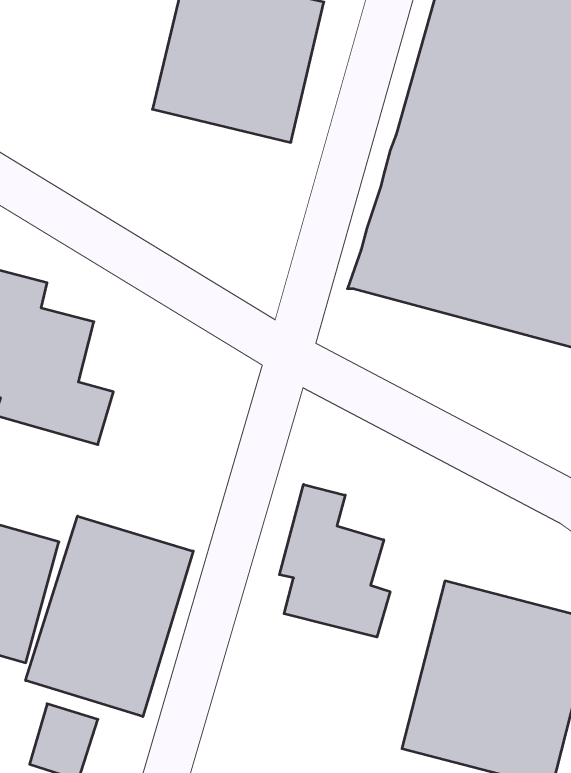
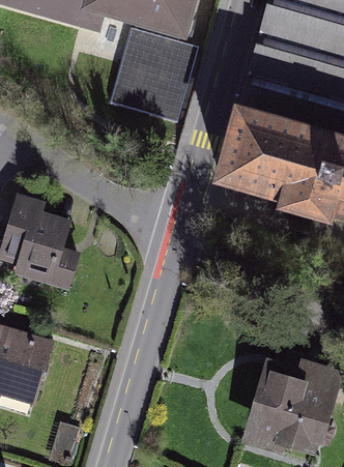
building: [279,484,390,637] -> none
building: [26,516,193,717] -> none

